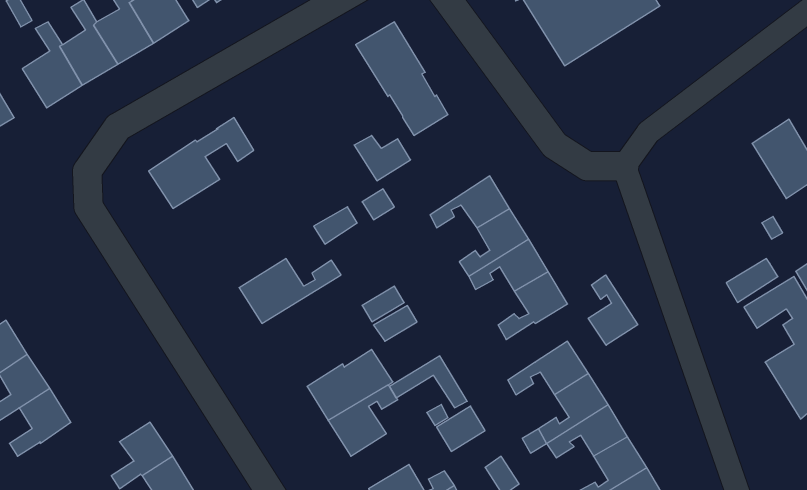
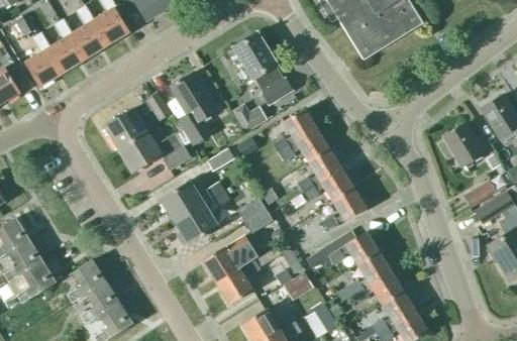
building: none -> [171,71,218,143]
building: none -> [274,108,317,152]
building: none -> [439,122,490,166]
building: none -> [119,130,191,170]
building: none -> [175,190,230,243]
building: [588,275,638,345] -> none
building: none -> [68,260,105,302]

